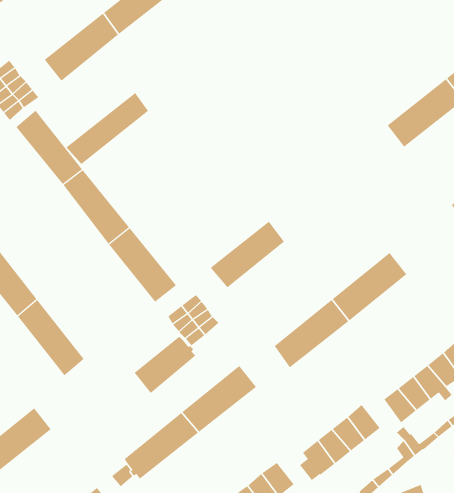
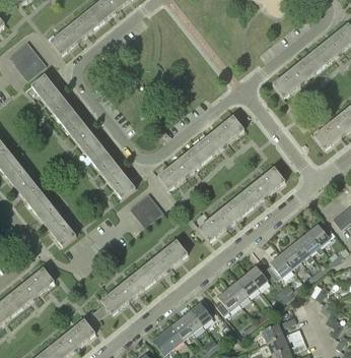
building: [66,92,149,165] -> none
building: none -> [196,115,244,159]
building: [134,336,196,394] -> none

